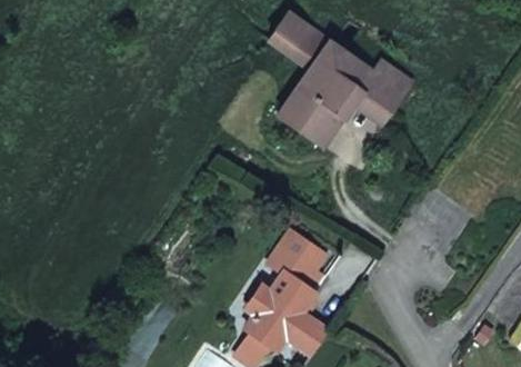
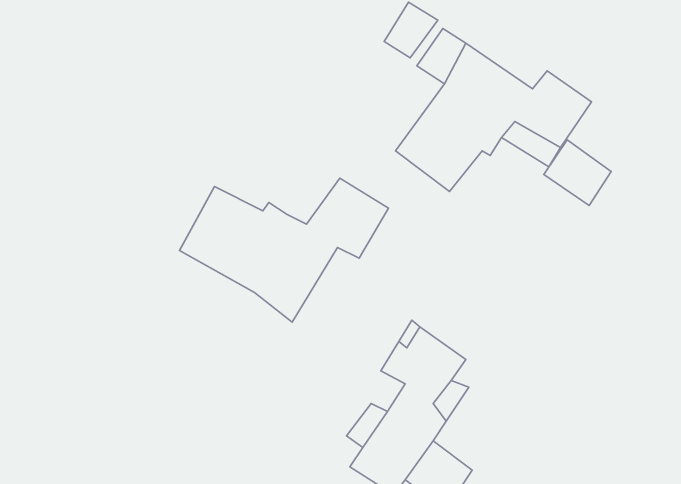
building: none -> [544,140,611,206]
building: none -> [180,178,389,322]

